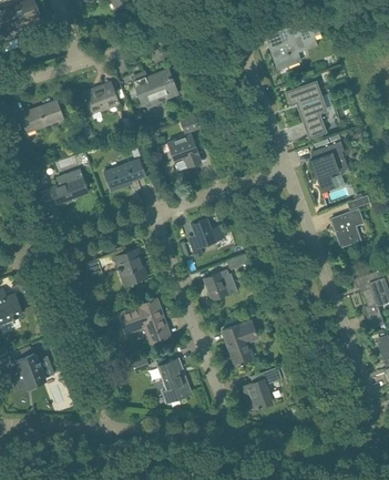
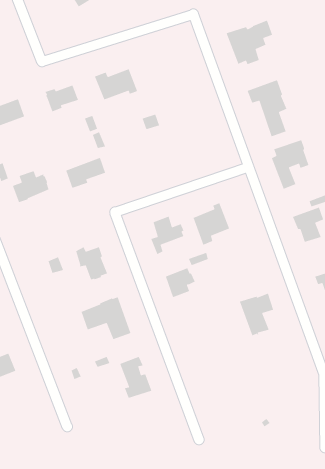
building: [170,133,199,164] -> none
building: none -> [192,202,230,246]
building: [222,320,257,365] -> [239,292,274,337]
building: [246,366,281,408] -> none

